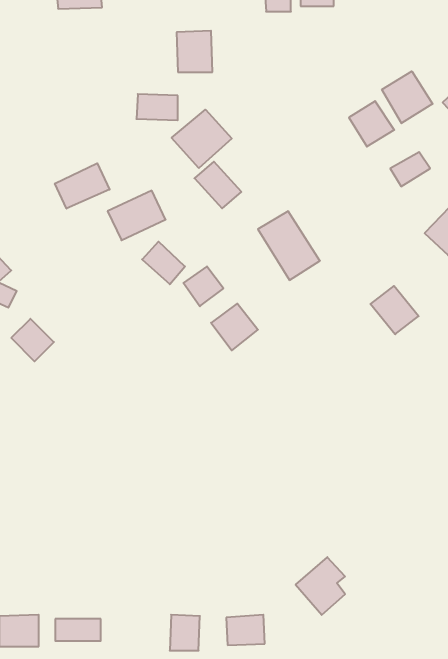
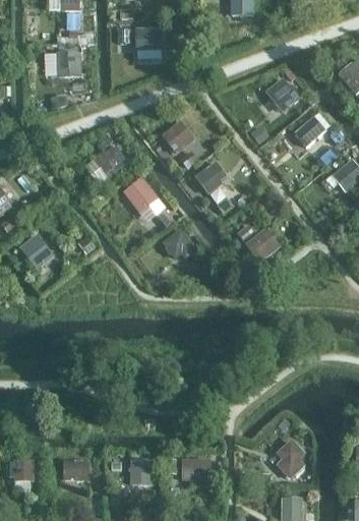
building: [382,71,433,123] -> none
building: [136,94,178,120] -> [52,54,82,73]
building: [172,110,232,168] -> none
building: [55,163,110,209] -> none
building: [370,286,419,334] -> [242,230,278,266]
building: [296,557,345,615] -> [272,439,308,481]

